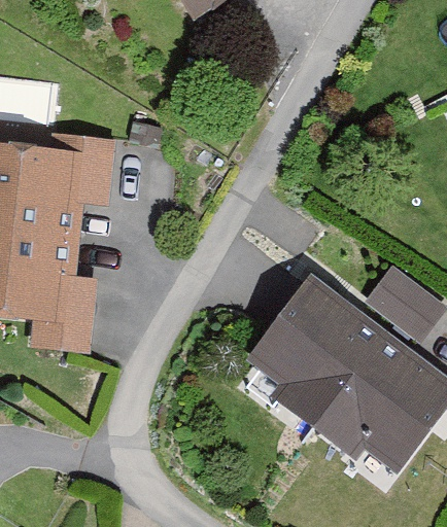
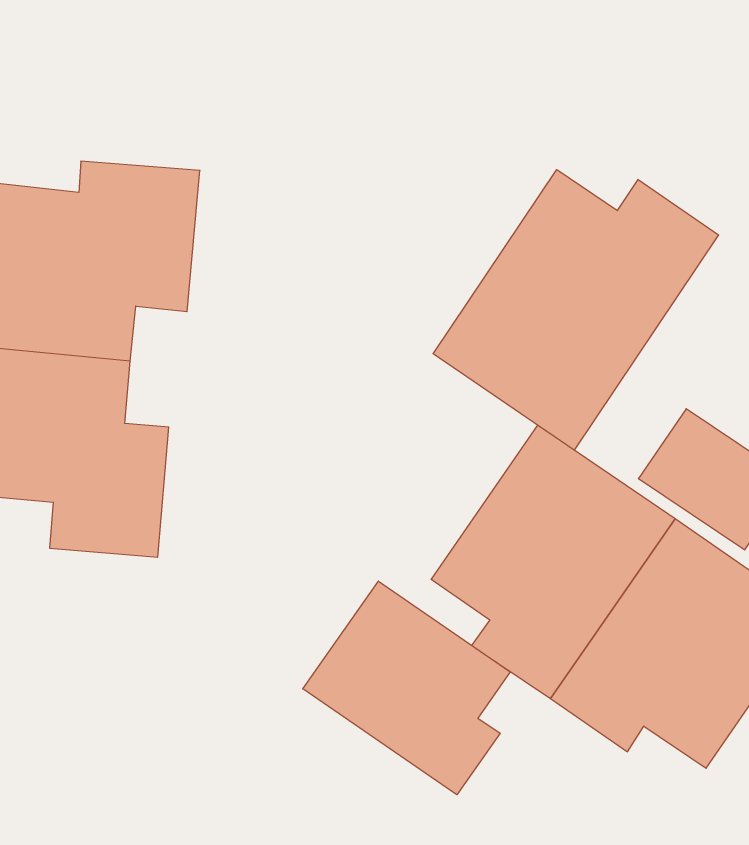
building: none -> [433,170,719,450]
building: none -> [303,581,510,795]

